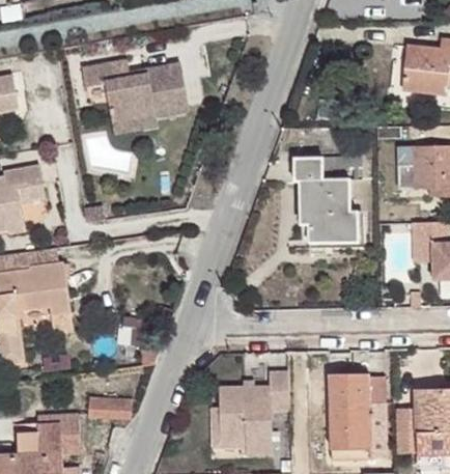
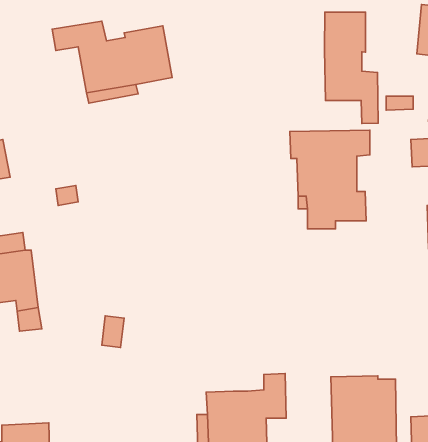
building: none -> [325,12,378,123]
building: [88,397,132,420] -> none

